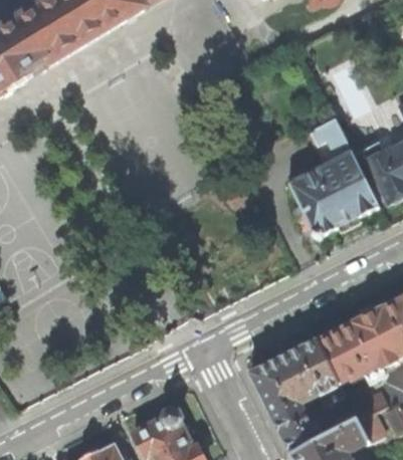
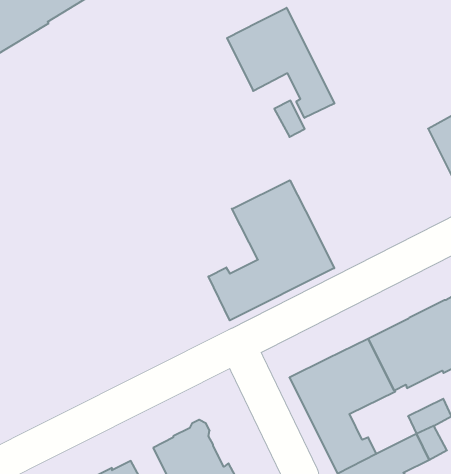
building: none -> [227,8,334,118]
building: [290,117,380,232] -> none
building: none -> [208,180,334,320]

